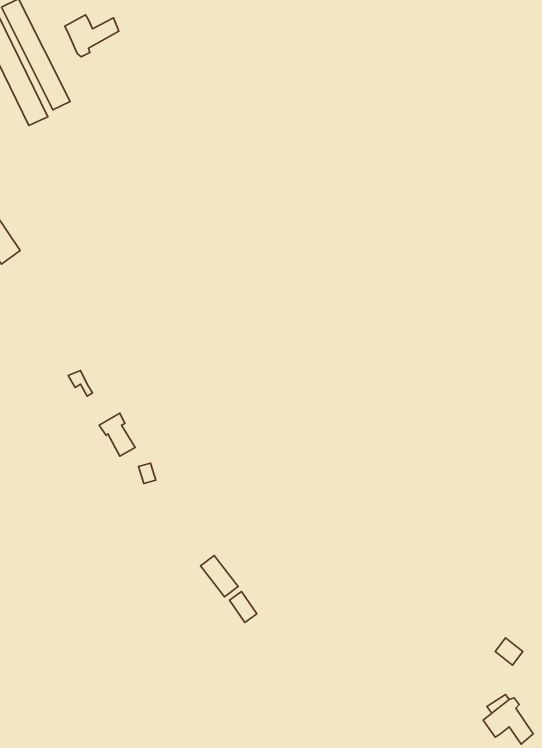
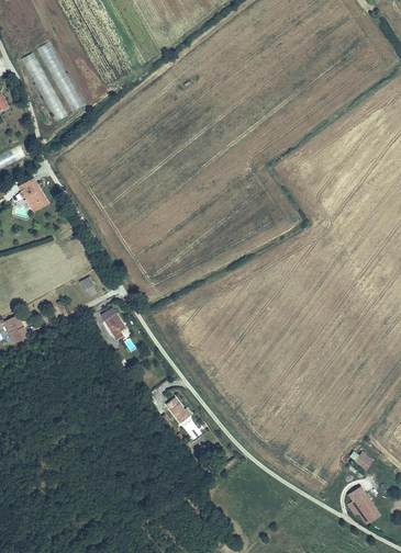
building: [65,15,119,57] -> none

